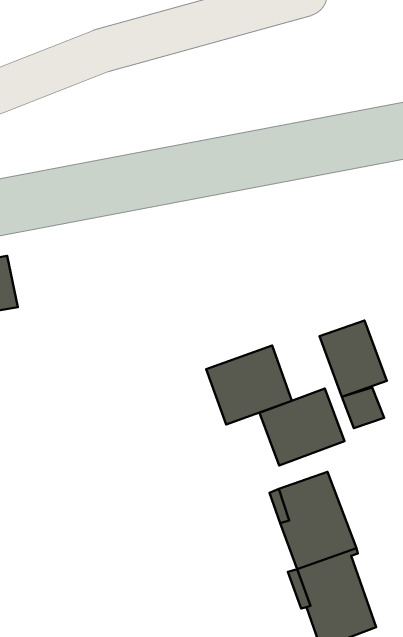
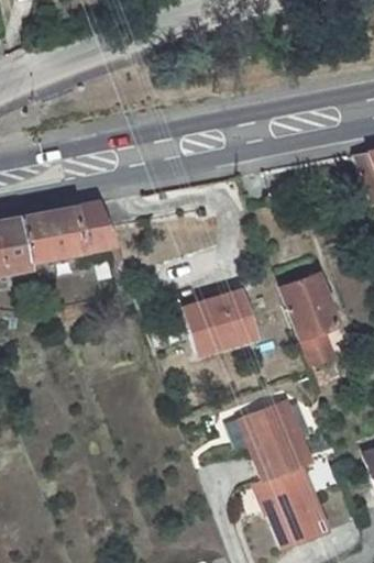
building: none -> [20,202,113,260]
building: [259,389,345,466] -> none

